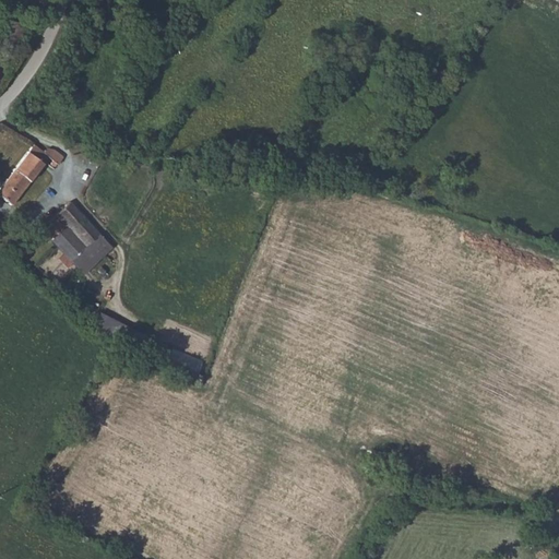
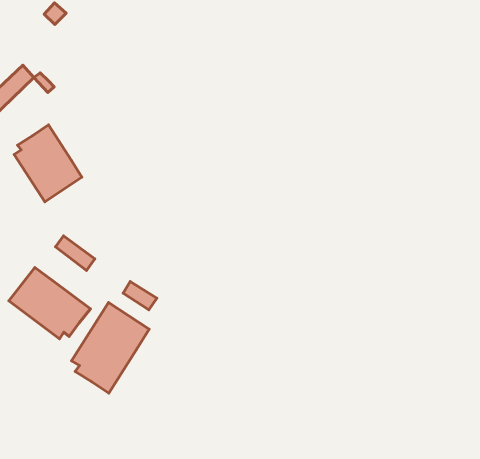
building: none -> [9,267,90,339]
building: none -> [72,303,149,393]

